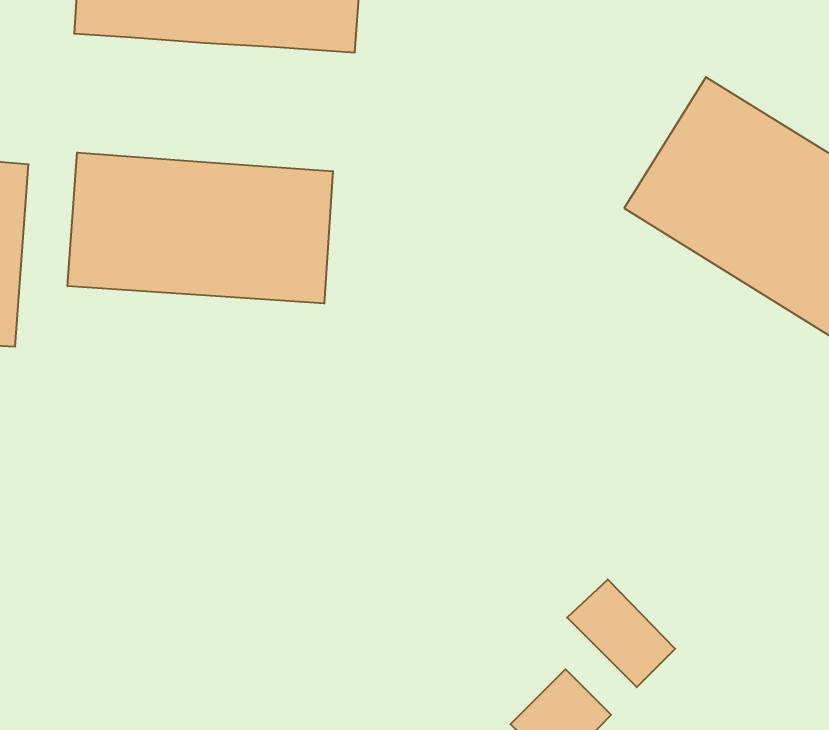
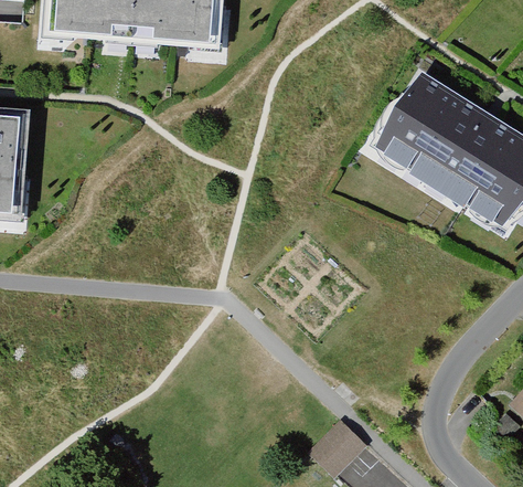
building: [68,152,333,304] -> none
building: [567,579,675,687] -> none

